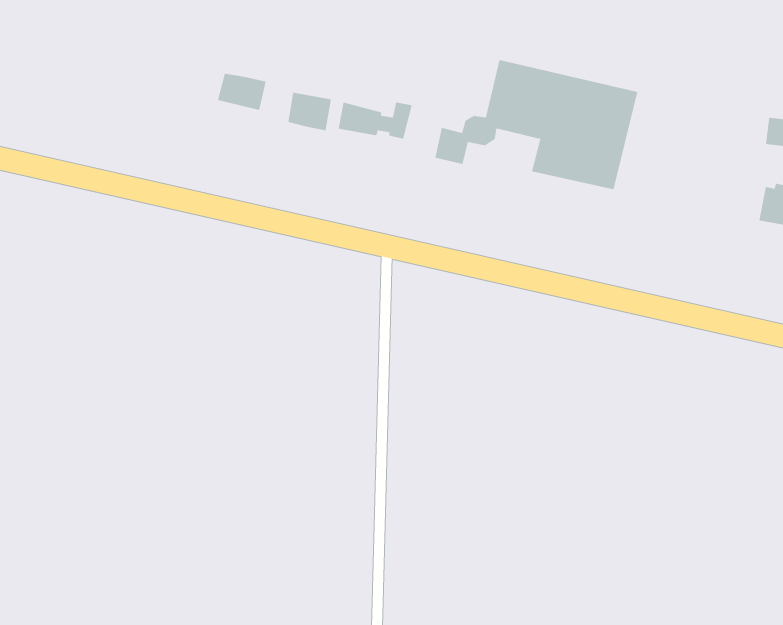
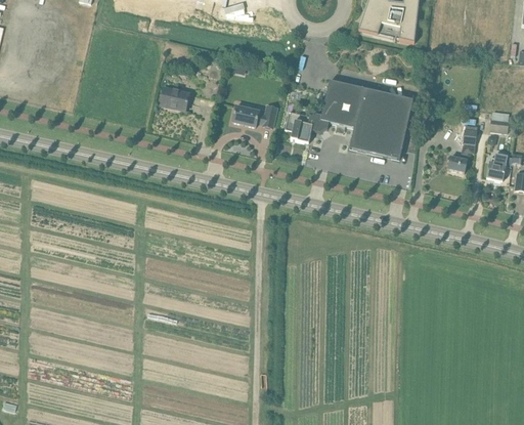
building: [288,92,332,131] -> none
building: none -> [447,122,477,170]

